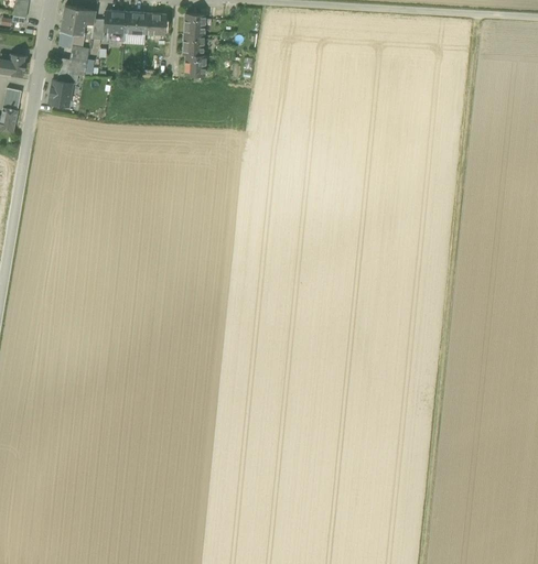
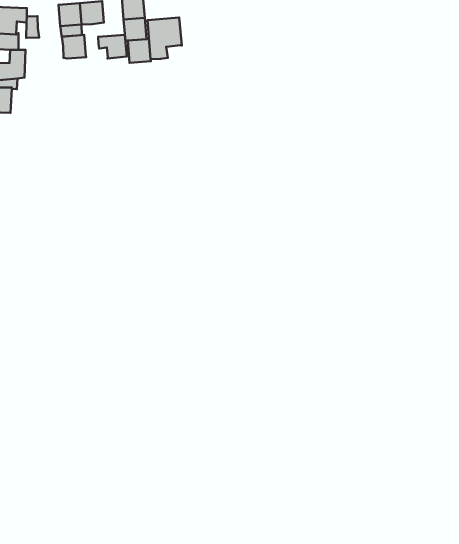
building: [104,11,126,33] -> [62,35,86,59]
building: none -> [148,17,182,59]
building: none -> [98,35,127,58]

